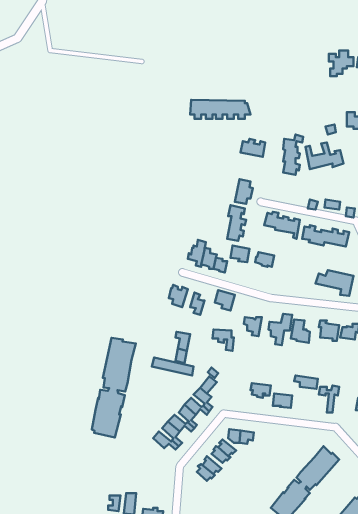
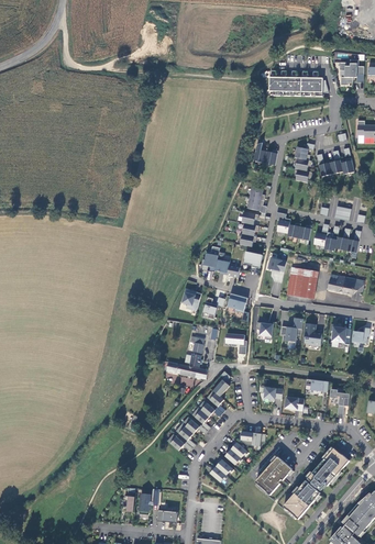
building: [190,100,251,119] -> [268,77,328,96]
building: none -> [287,267,318,298]
building: [92,338,136,438] -> none
building: none -> [256,456,293,497]

